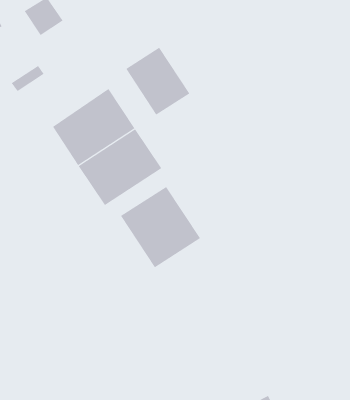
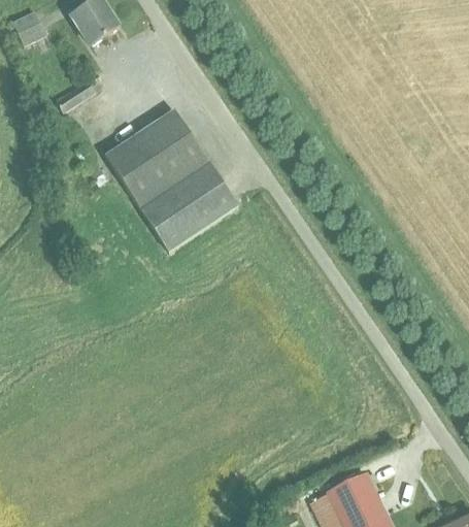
building: [125,47,190,115] -> none
building: [120,186,201,268] -> none

